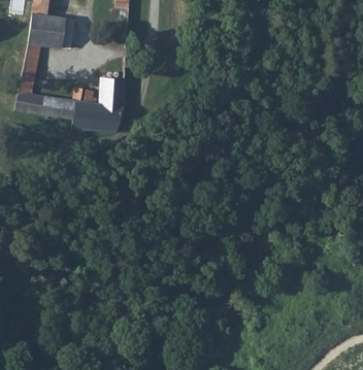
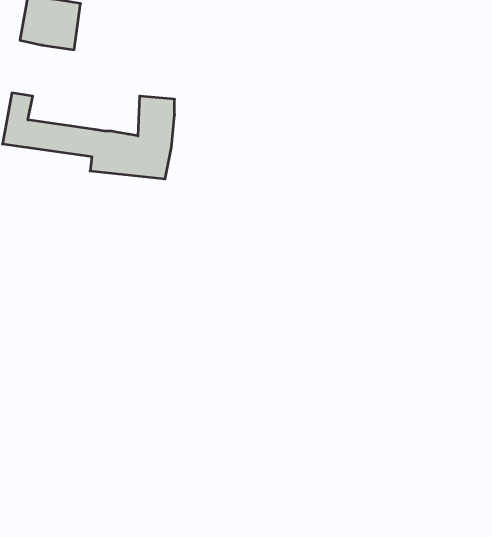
building: [20,41,39,77] -> none

